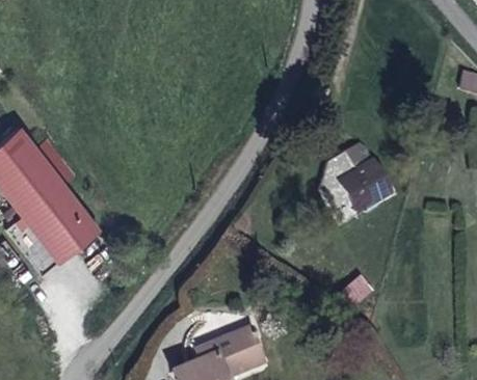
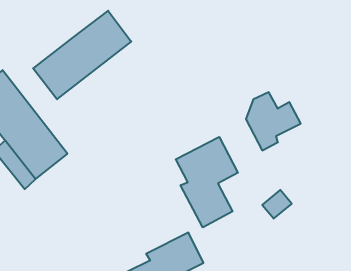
building: none -> [33,11,131,99]
building: none -> [176,137,238,227]

